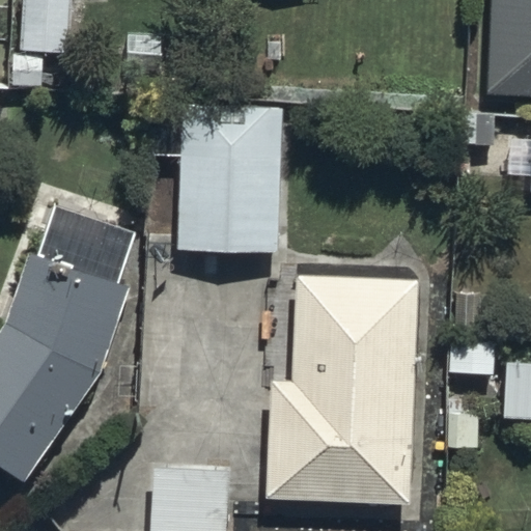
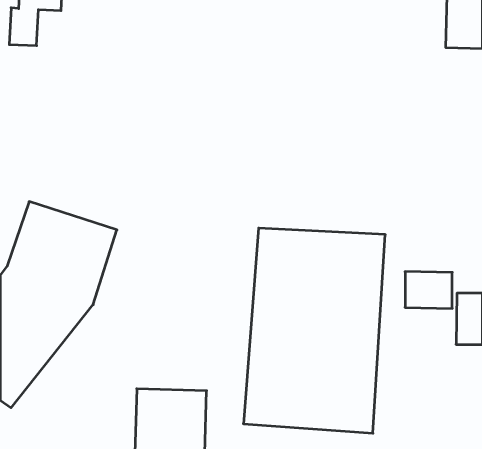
building: [149,101,281,248] -> none

